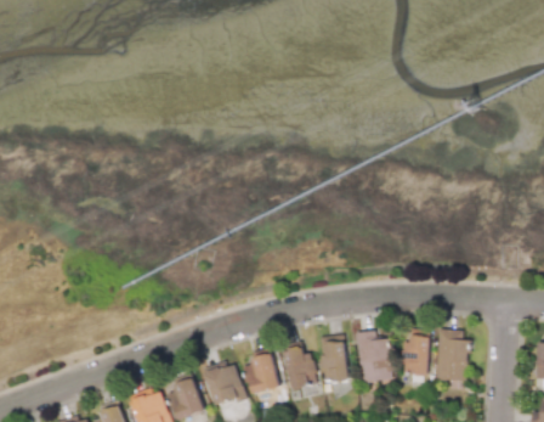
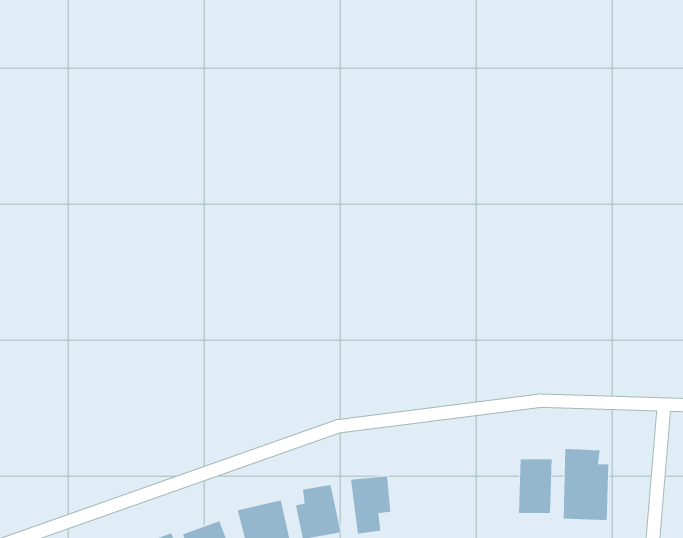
building: [358,331,391,382] -> none
building: [319,336,347,382] -> none

